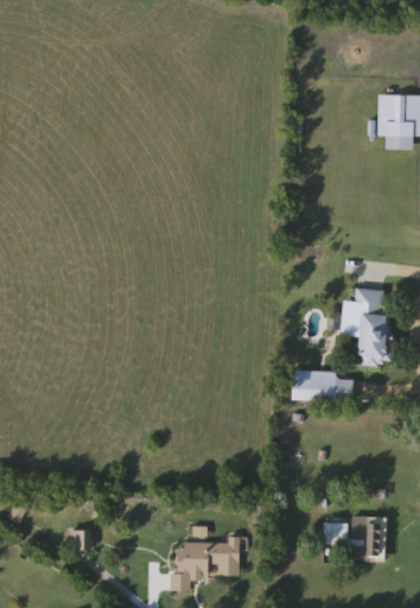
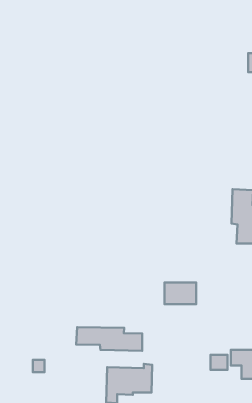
building: [291,370,336,401] -> [164,283,196,304]
building: none -> [76,327,142,351]

